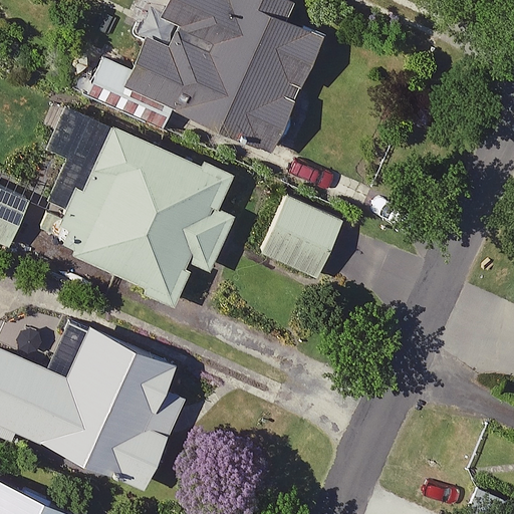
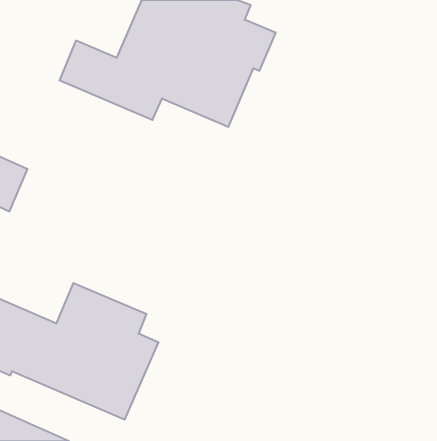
building: [54,124,233,298] -> none
building: [259,195,341,277] -> none

